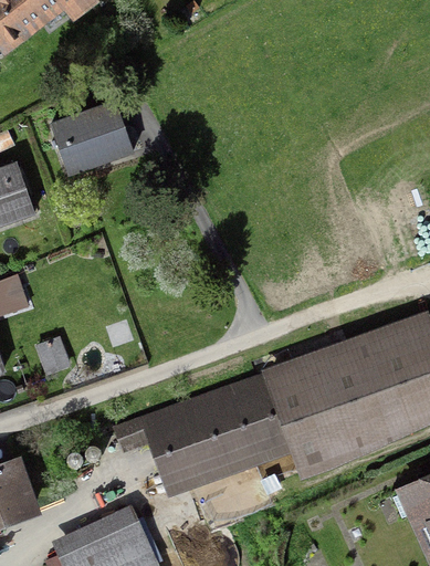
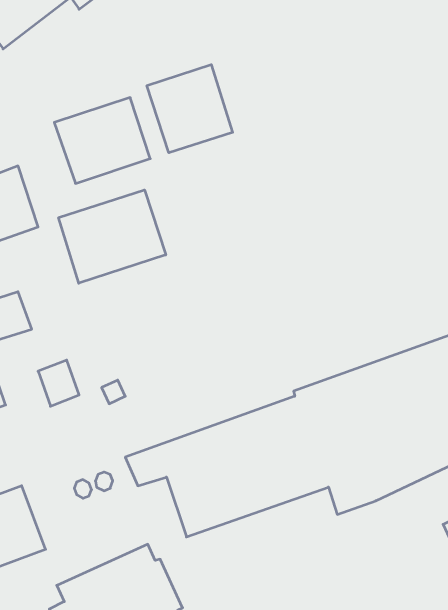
building: none -> [147,65,233,153]
building: none -> [59,190,166,283]

